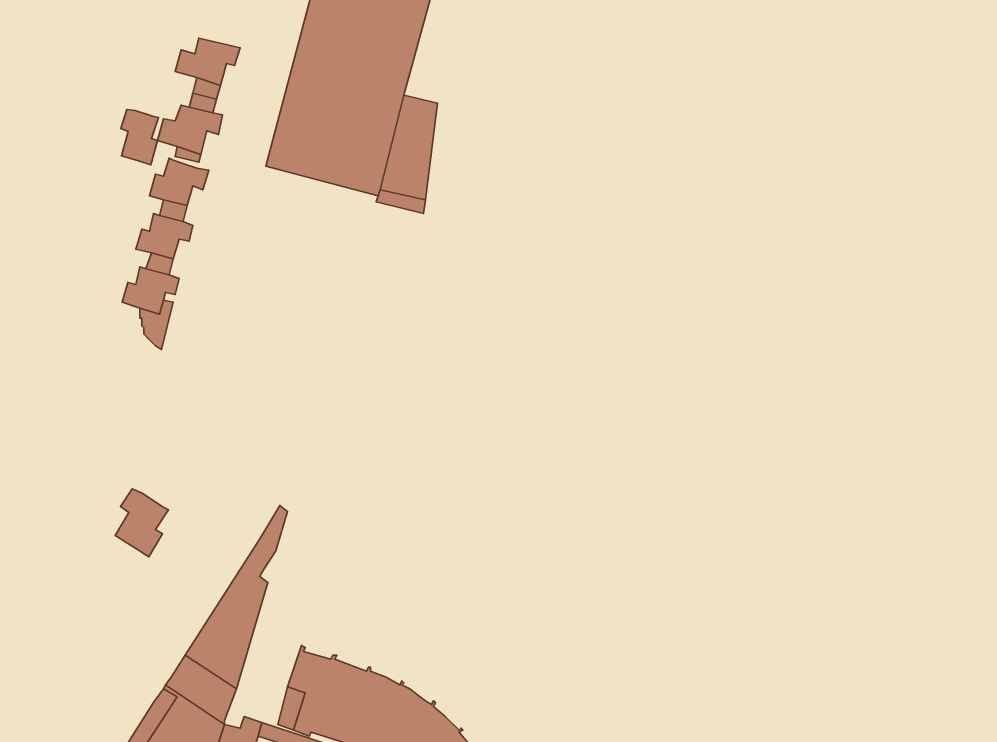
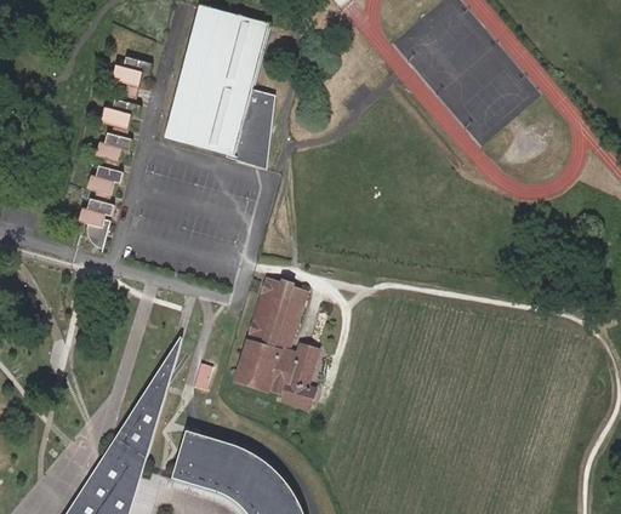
building: [121,110,158,165] -> none
building: none -> [235,281,318,406]
building: [115,489,169,557] -> none

